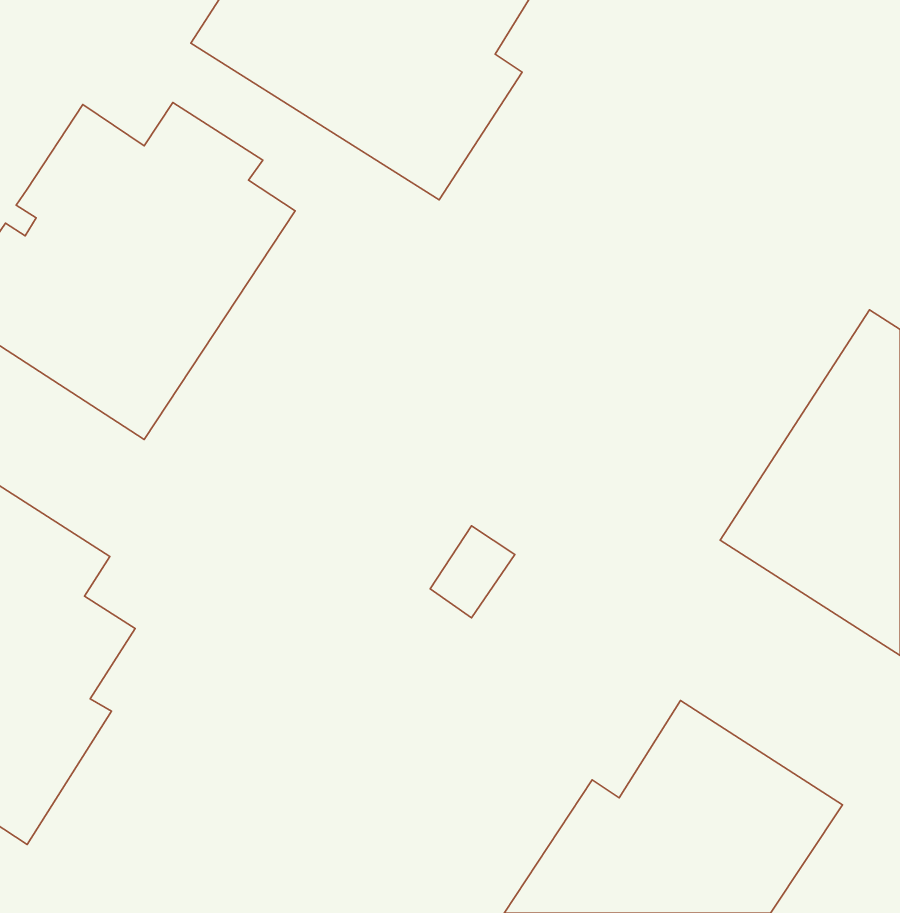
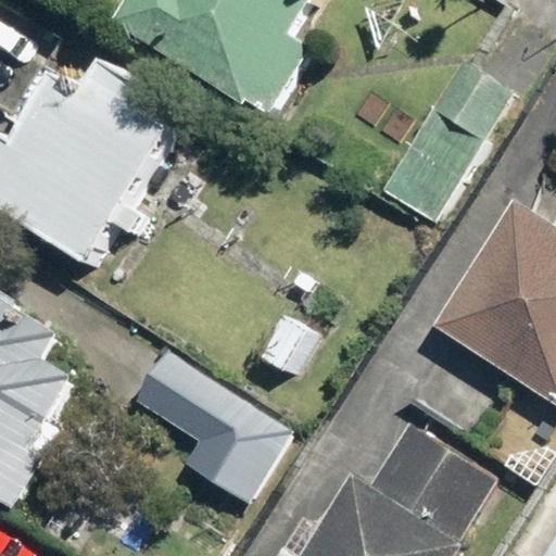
building: none -> [381,59,517,220]
building: none -> [136,355,292,506]

